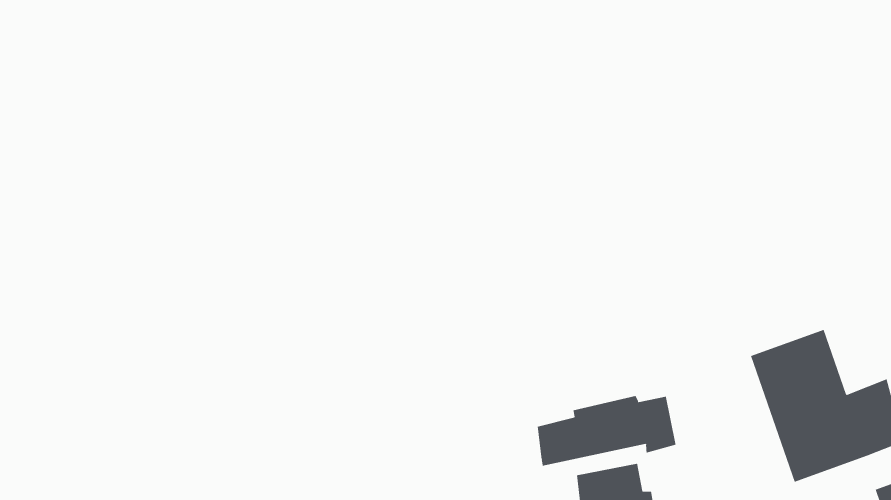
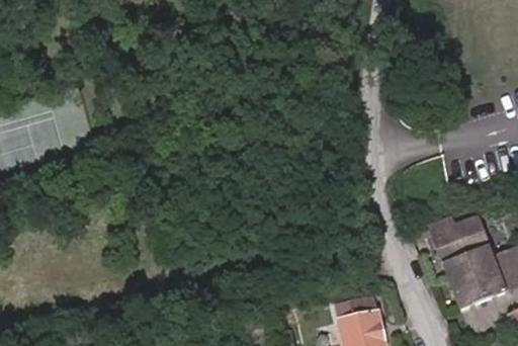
building: [537,395,676,467] -> none

